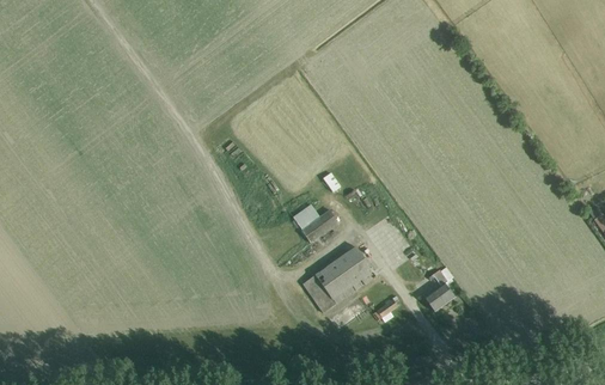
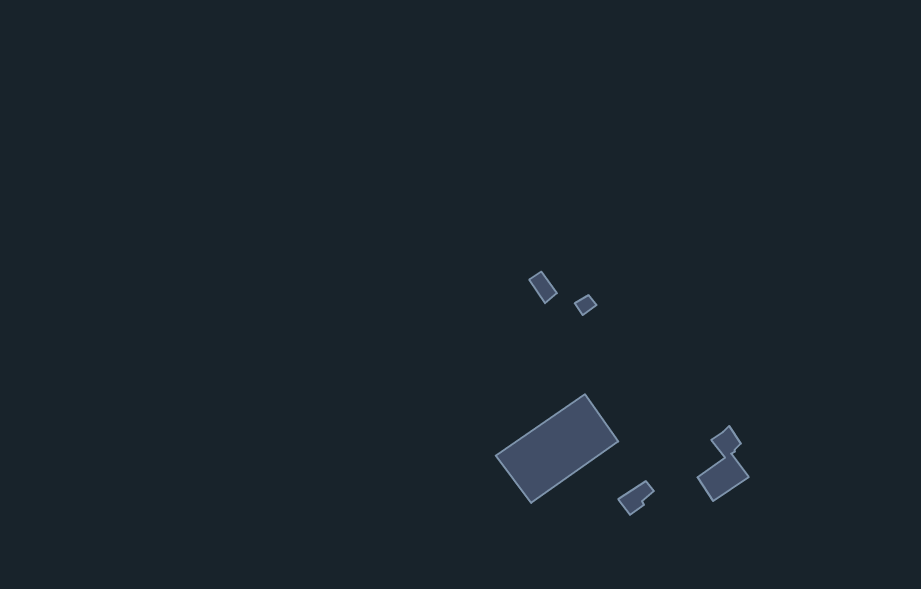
building: [294,204,338,242] -> none

